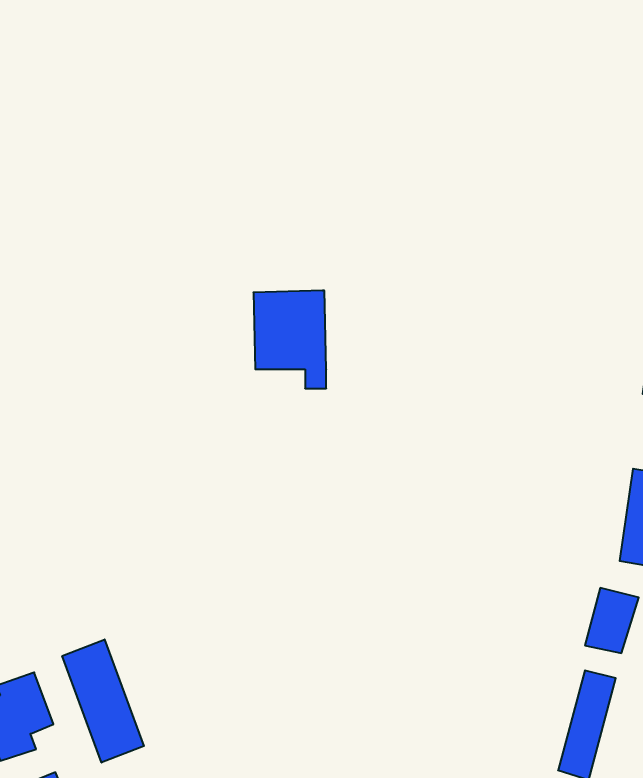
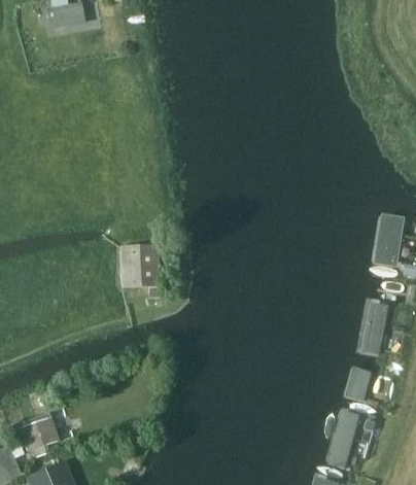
building: [253,291,326,388] -> [119,244,159,297]
building: [62,639,144,763] -> none

